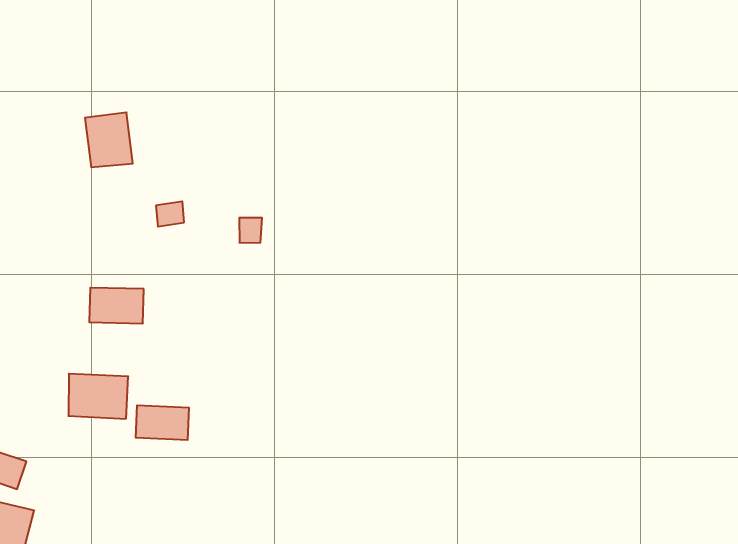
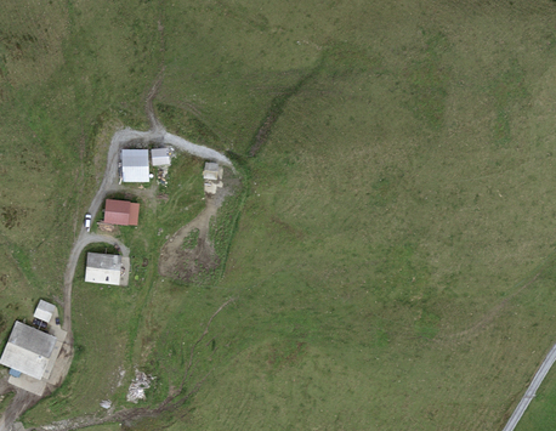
building: [85,112,133,167] -> [121,148,149,181]
building: [136,405,189,440] -> none

